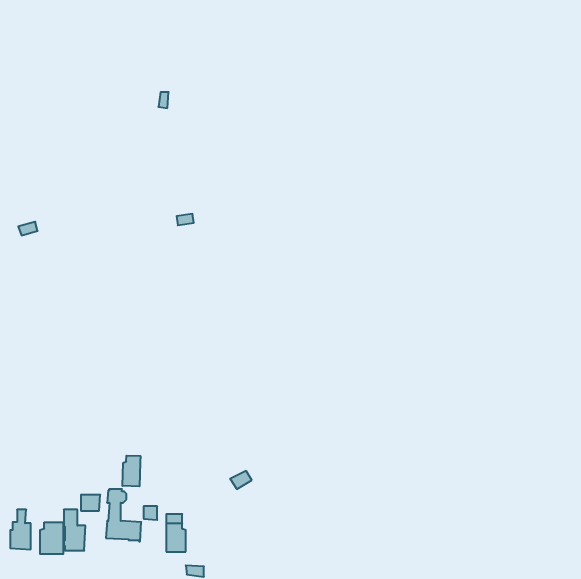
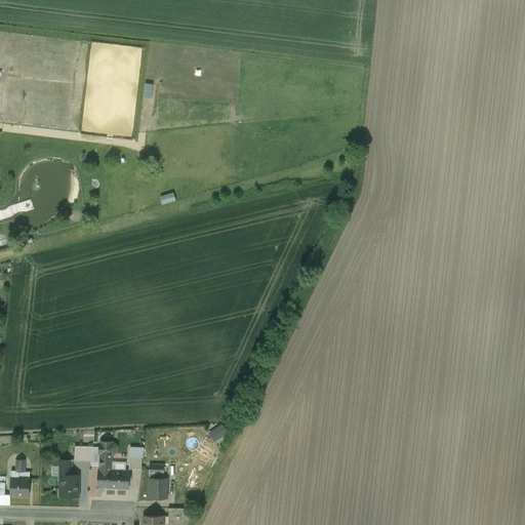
building: [122,456,140,486] -> none
building: [40,522,63,554] -> none

